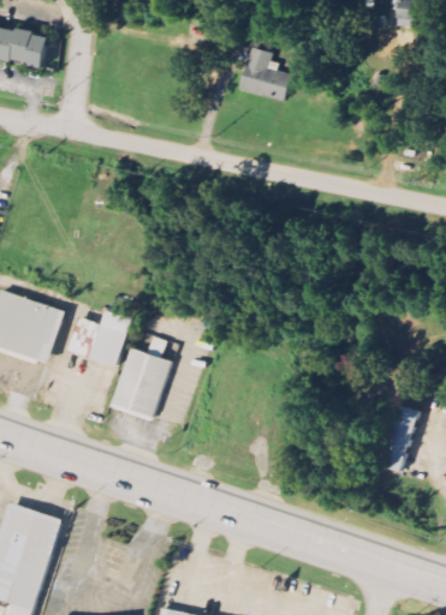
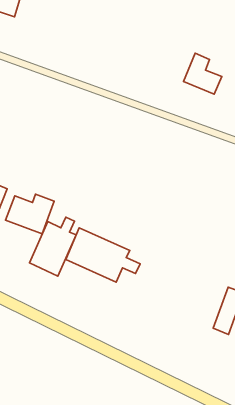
building: [240,48,293,102] -> [183,53,222,94]
building: none -> [66,228,140,282]

